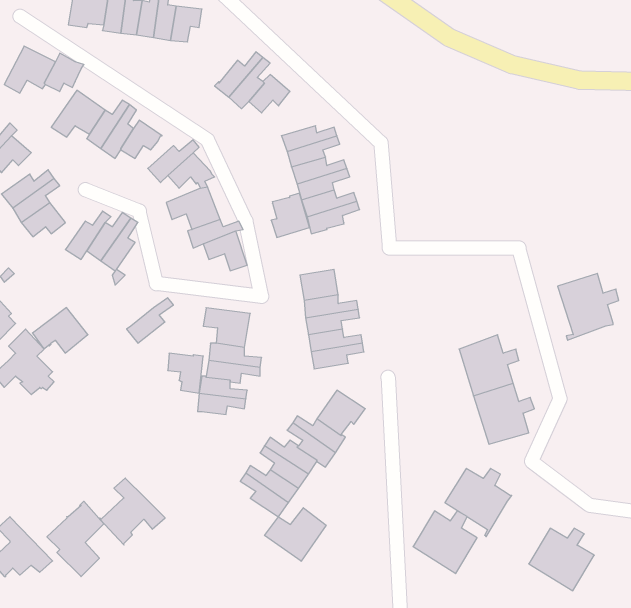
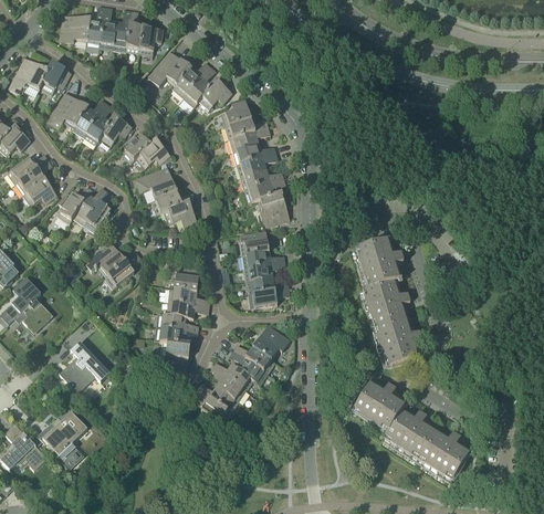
building: none -> [148,50,191,85]
building: none -> [222,98,252,126]
building: [271,193,309,237] -> [260,191,290,225]
building: [558,273,619,340] -> [356,240,404,292]
building: [32,308,88,353] -> [83,239,126,274]
building: [168,353,203,393] -> [163,340,190,371]
building: [100,478,165,545] -> [60,340,111,392]
building: [265,508,326,561] -> none
building: [413,511,477,574] -> [385,410,435,459]

